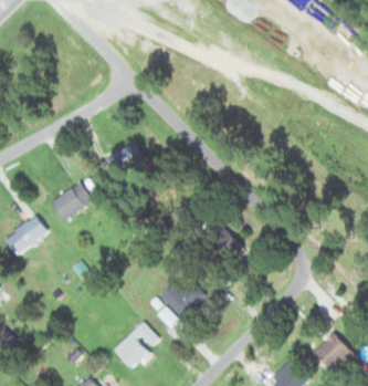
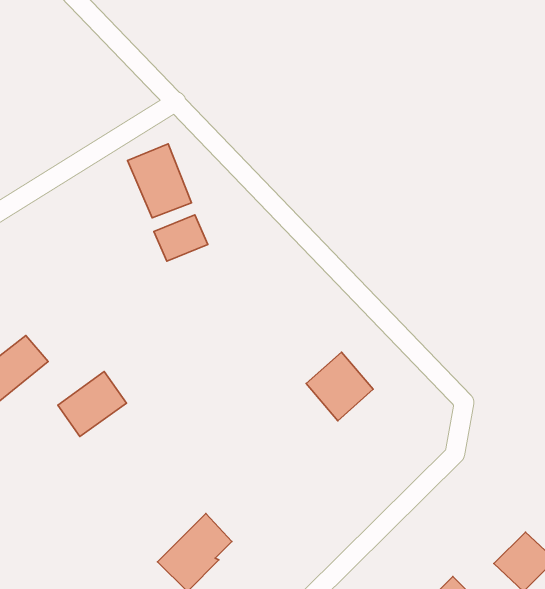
building: none -> [128,144,191,218]
building: [52,182,93,221] -> [58,372,126,437]
building: [160,282,207,319] -> none

